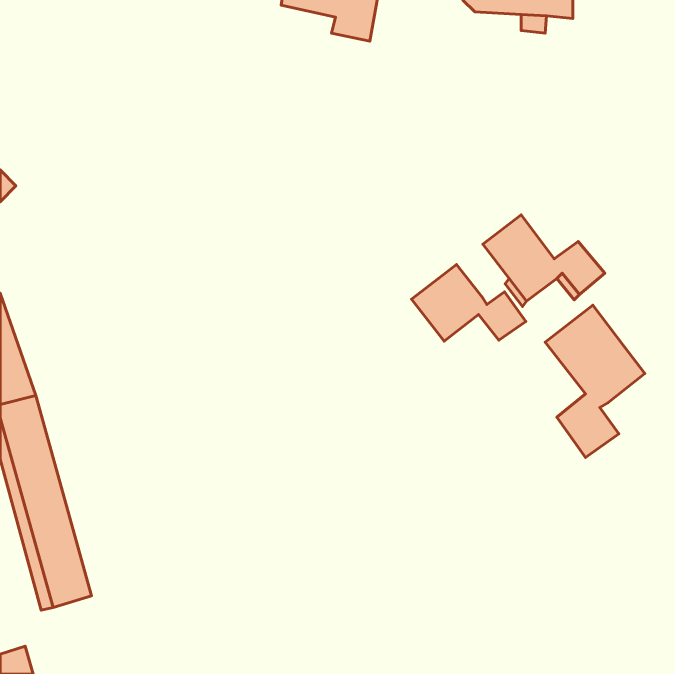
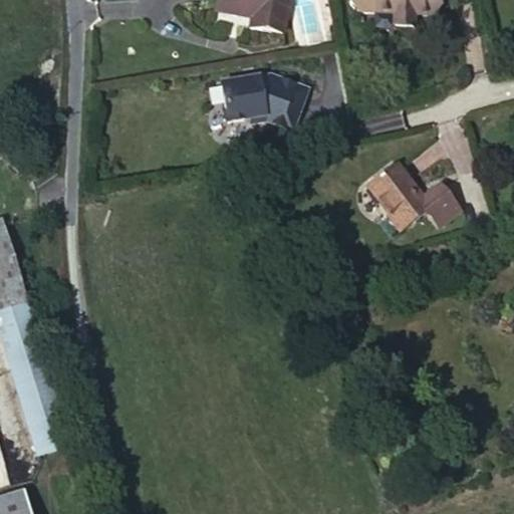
building: none -> [222,73,308,125]
building: [411,264,526,341] -> none
building: [545,305,645,457] -> none

